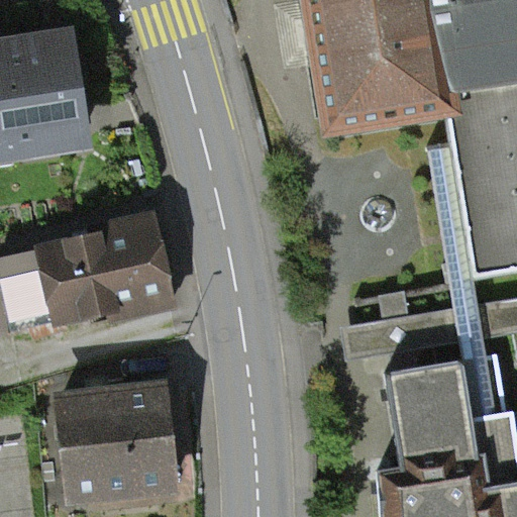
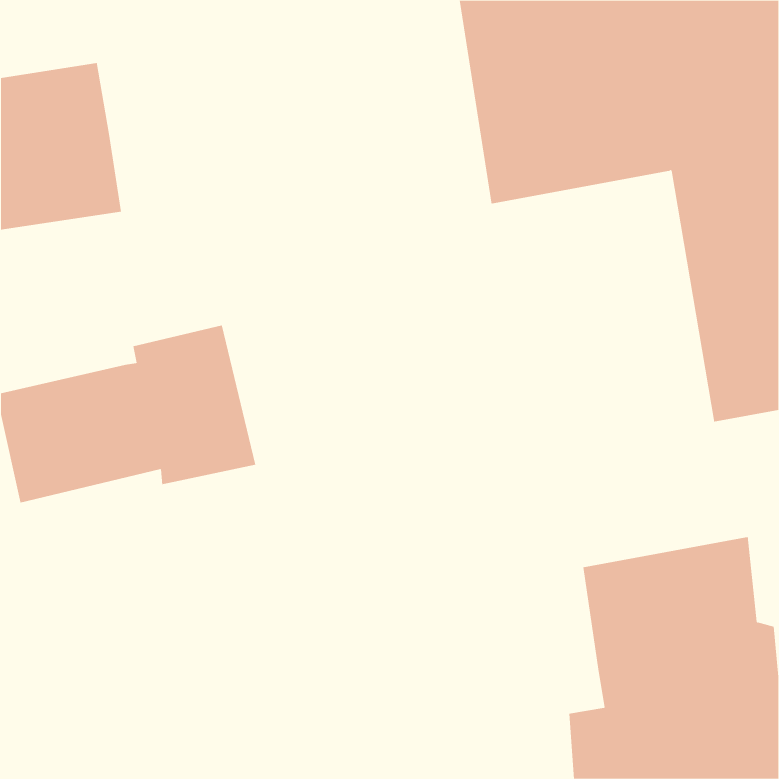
building: [60,389,174,501] -> none

